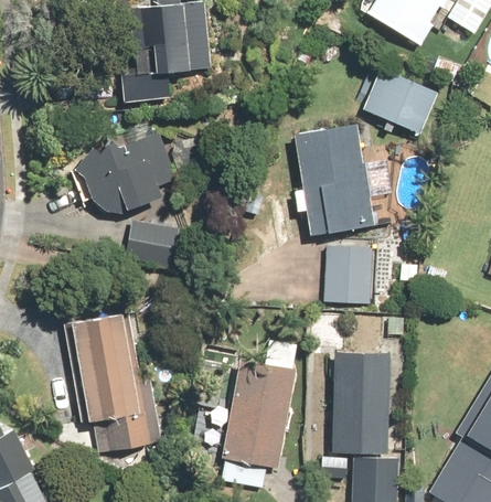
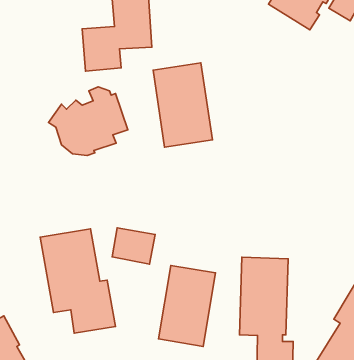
building: [363,68,438,133] -> none
building: [292,124,372,236] -> [153,63,213,147]
building: [124,220,181,268] -> [112,228,155,264]
building: [323,246,373,306] -> none

